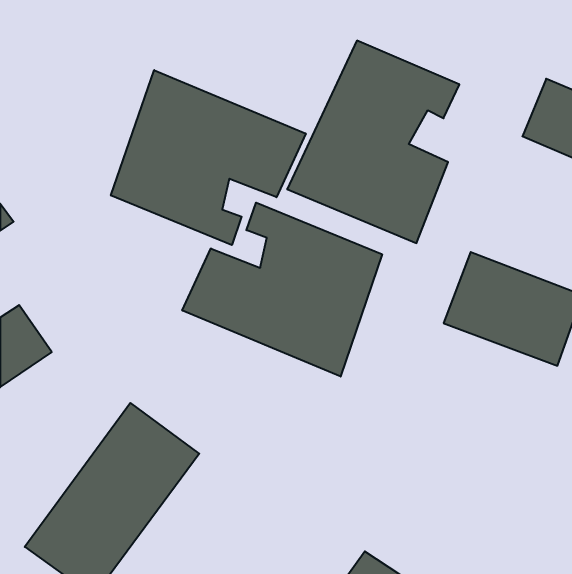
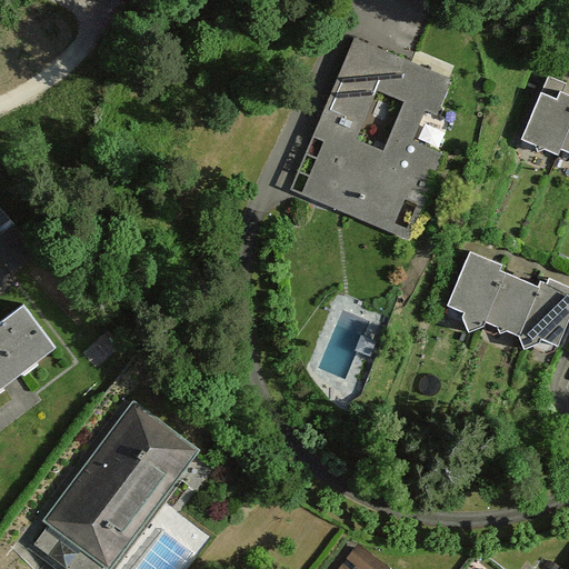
building: [111,70,306,245] -> none
building: [182,203,382,377] -> none

